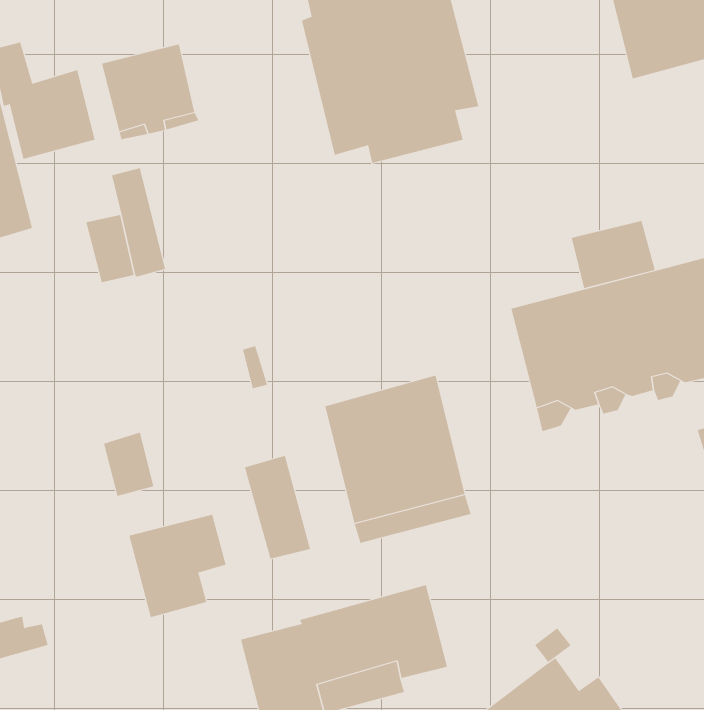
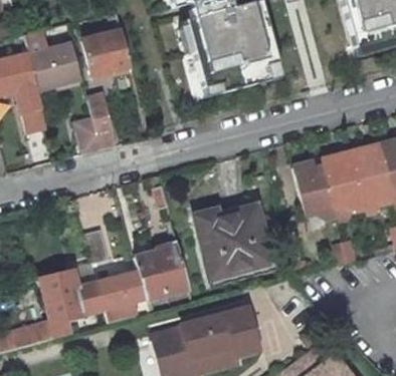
building: [571,220,656,289] -> none
building: none -> [135,250,168,299]
building: none -> [39,264,103,337]

